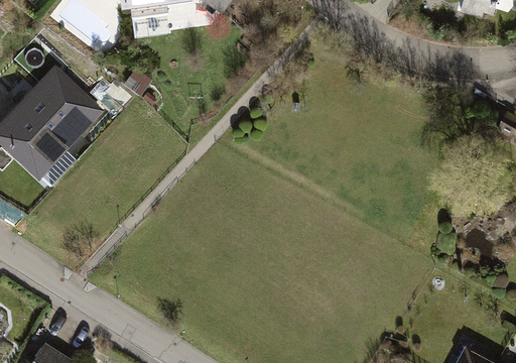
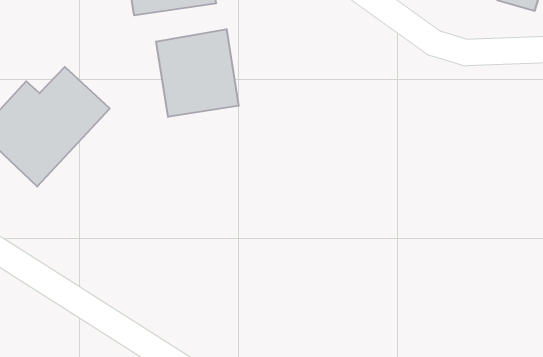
building: none -> [156,29,239,117]

